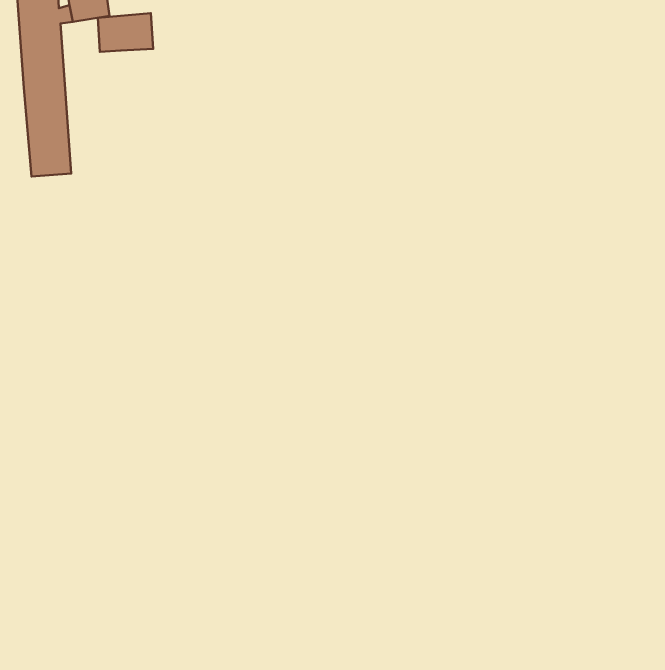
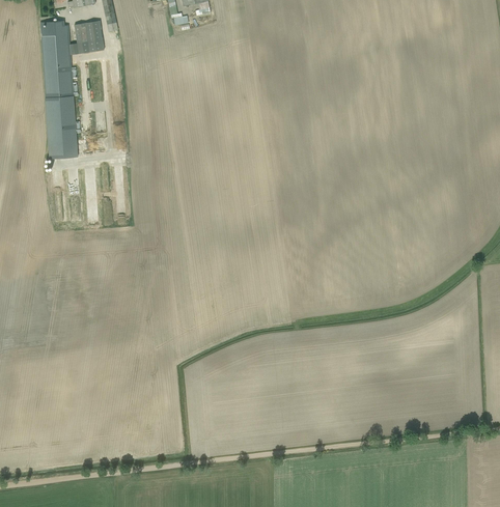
building: [98,13,153,52] -> none

